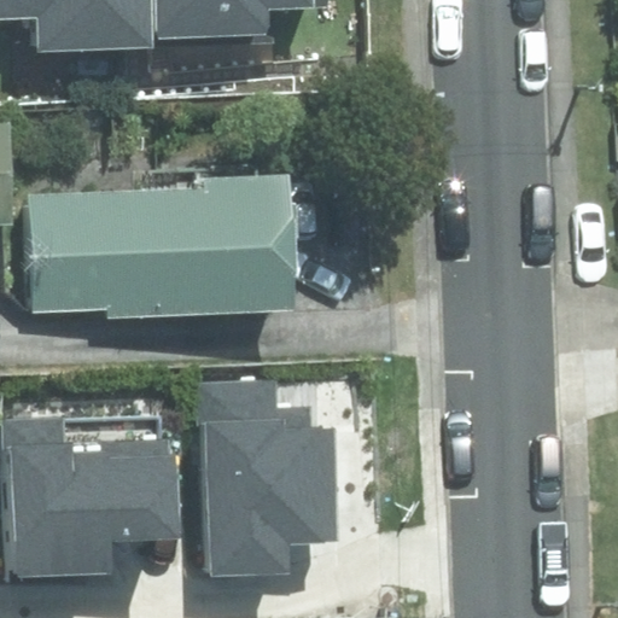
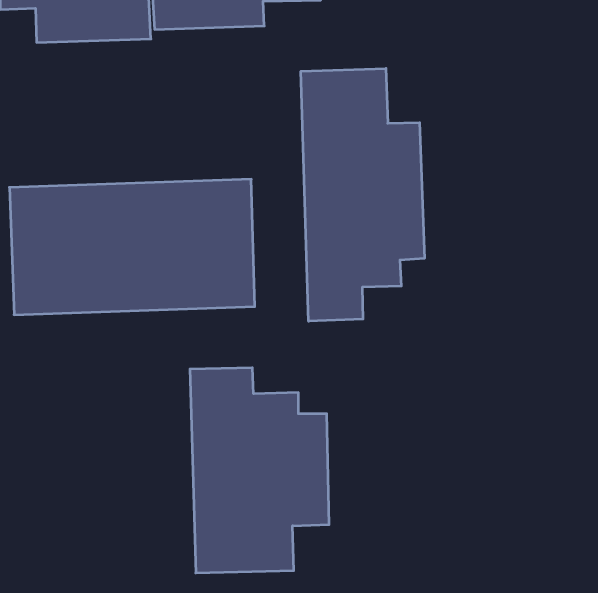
building: none -> [301,68,424,321]
building: [16,437,181,583] -> none

